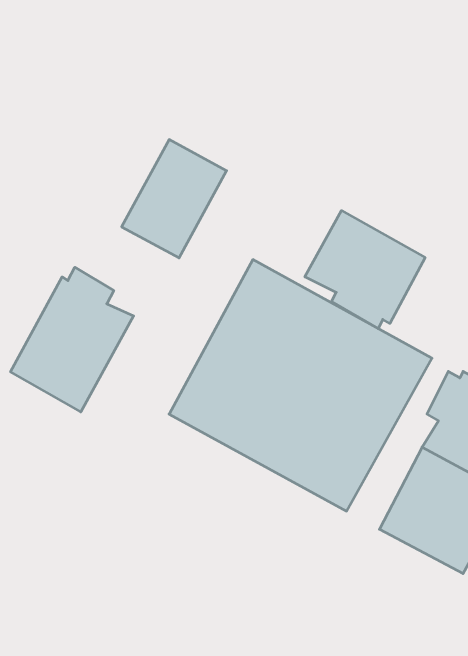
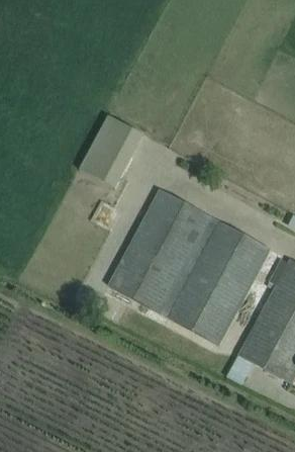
building: [305,211,425,329] -> none
building: [11,267,134,412] -> none

